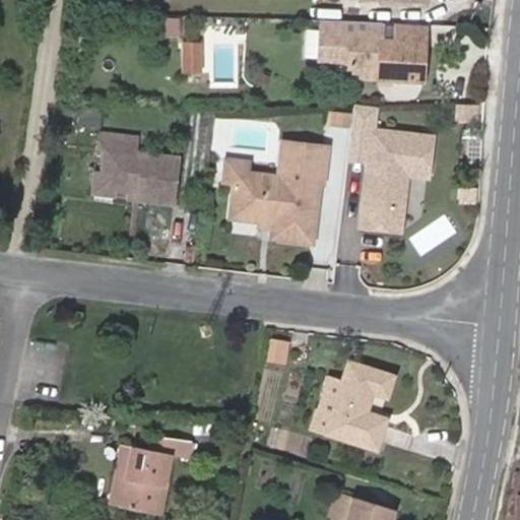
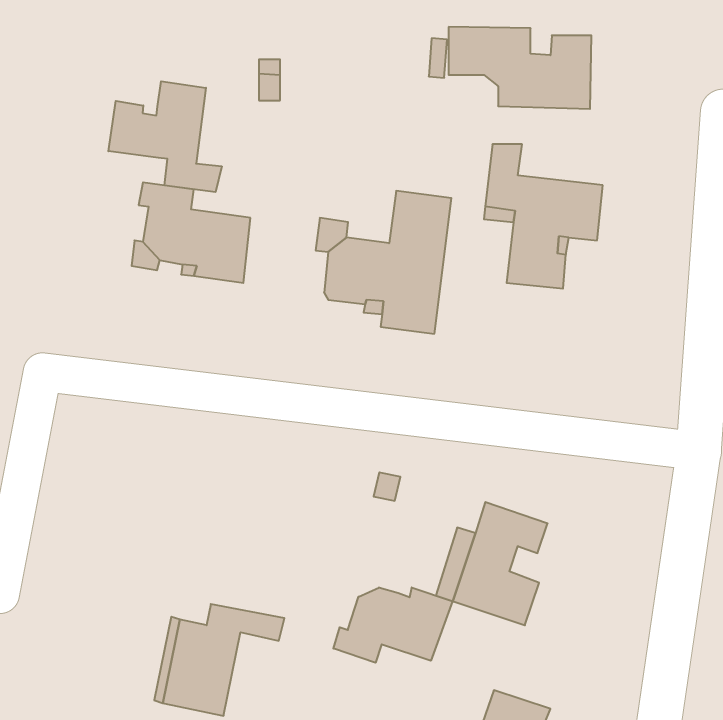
building: none -> [108,81,222,192]
building: [362,205,404,230] -> none
building: none -> [333,587,453,663]

